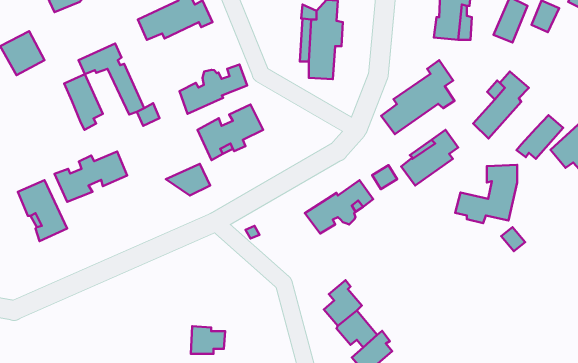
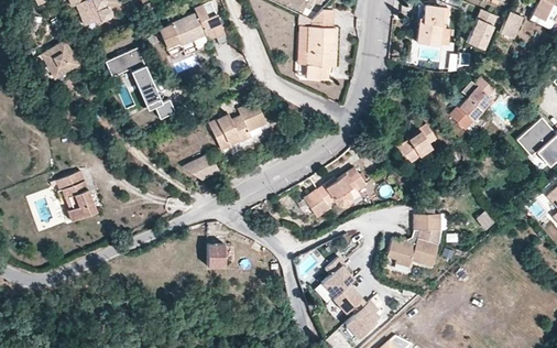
building: [381,60,454,134] -> none
building: [179,64,247,114] -> none
building: [64,74,103,130] -> none
building: [517,115,563,159] -> none
building: [55,151,127,202] -> none
building: [455,165,517,223] -> [386,214,440,264]
building: [191,326,225,354] -> [205,242,234,267]

